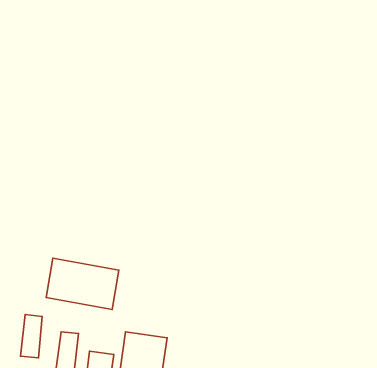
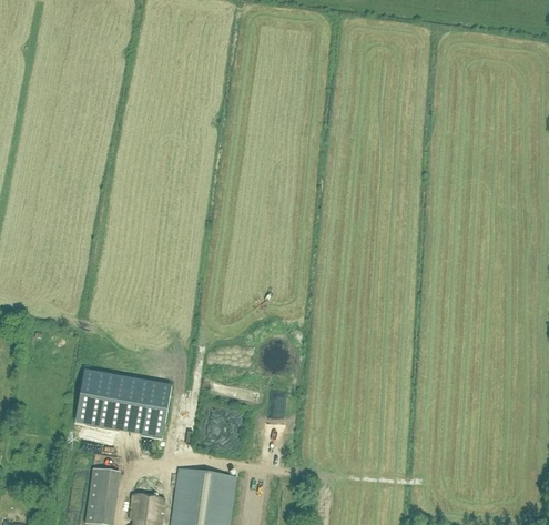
building: [20,314,42,358] -> none

